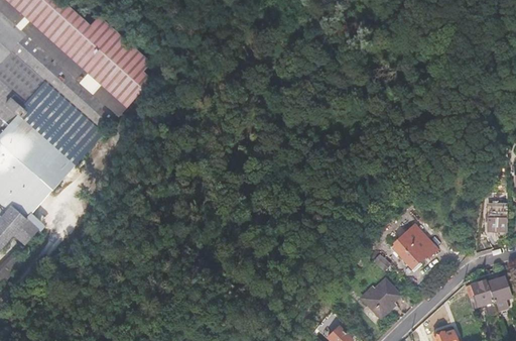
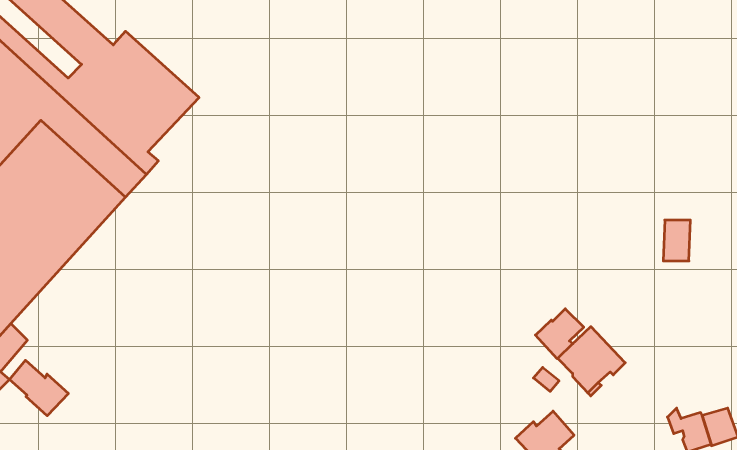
building: [487,205,505,232] -> [663,220,690,261]
building: none -> [535,309,584,359]
building: none -> [9,360,68,416]

